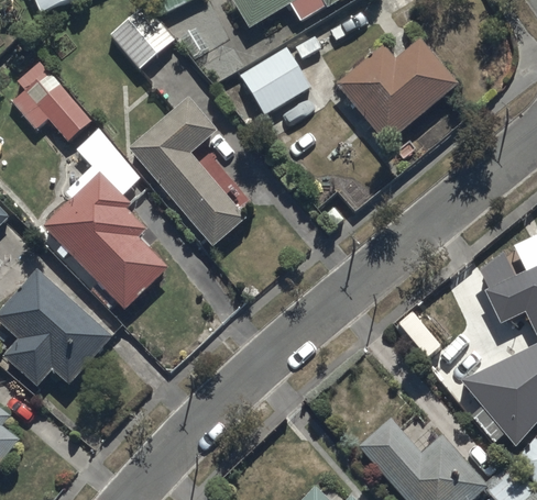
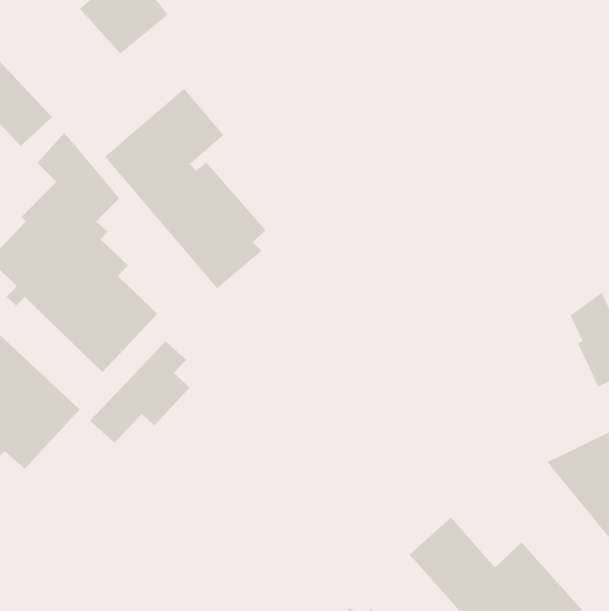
building: [338,37,458,143] -> none
building: [238,47,311,116] -> none
building: none -> [89,340,190,444]

